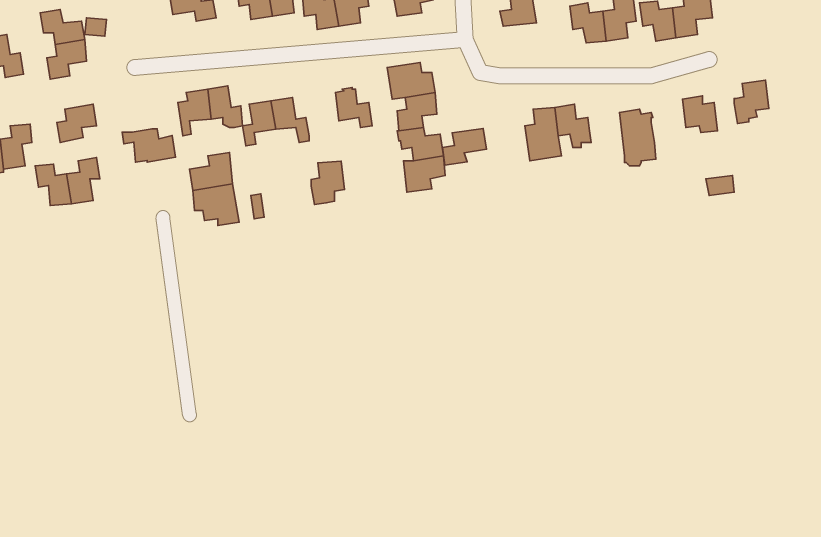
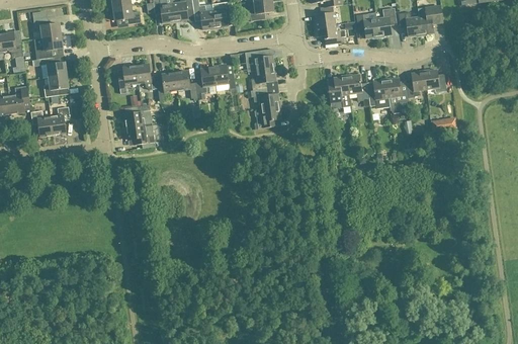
building: none -> [316,24,344,44]
building: [734,80,769,123] -> [406,71,427,97]
building: none -> [368,79,390,107]
building: [442,129,486,165] -> none
building: [122,129,175,162] -> [33,57,66,77]
building: [311,161,344,204] -> [195,67,215,93]

